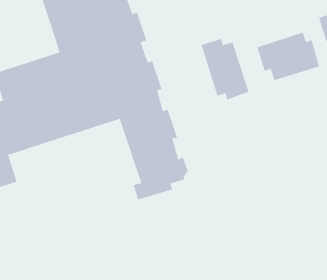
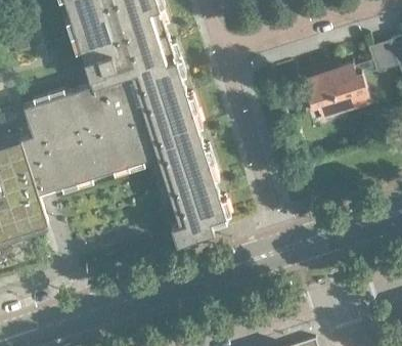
building: [201,38,249,100] -> none

